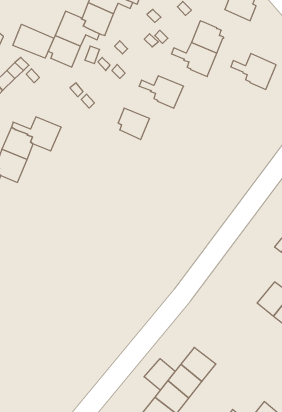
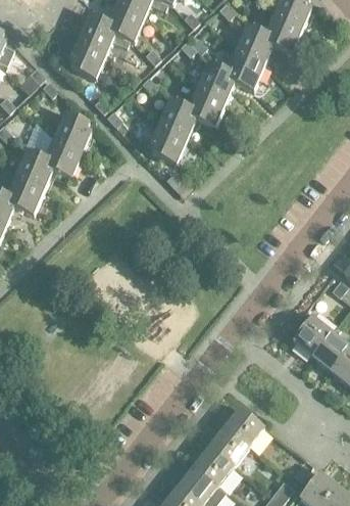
building: [13,24,54,58] -> none
building: none -> [197,62,235,102]
building: [231,54,276,89] -> [251,12,304,54]
building: none -> [157,99,196,140]
building: none -> [54,113,91,150]
building: none -> [293,315,333,356]
building: [144,359,175,390] -> none

